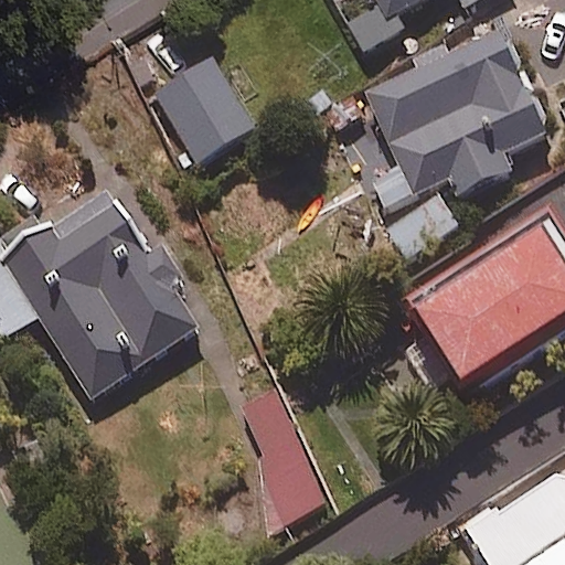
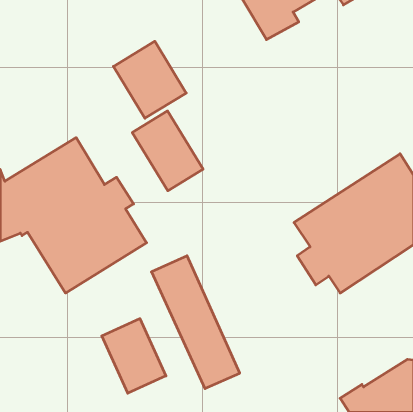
building: [359,22,553,259] -> none
building: none -> [132,111,203,191]
building: none -> [102,319,166,393]

